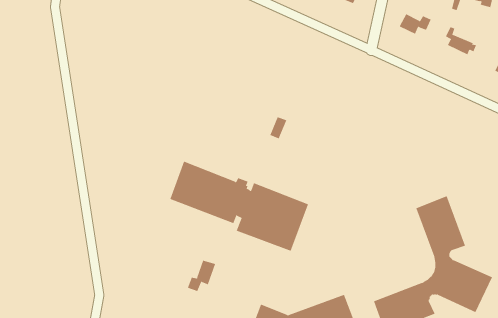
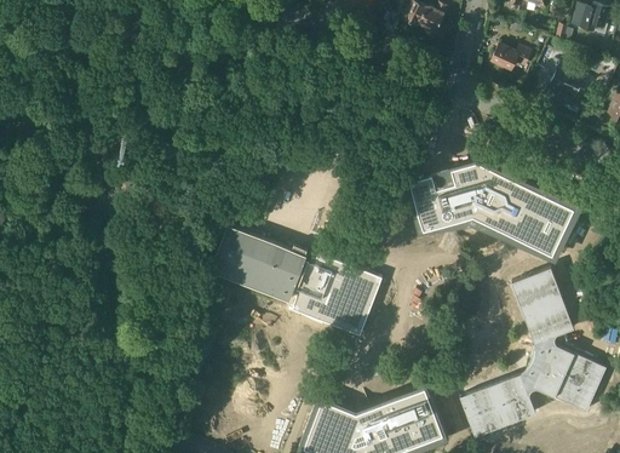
building: none -> [409,164,574,256]
building: [187,260,216,292] -> none

